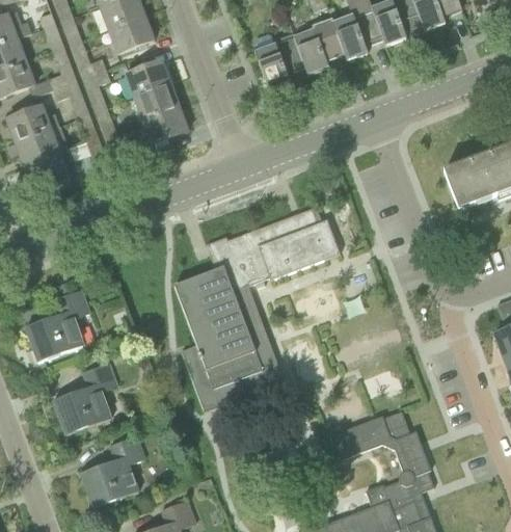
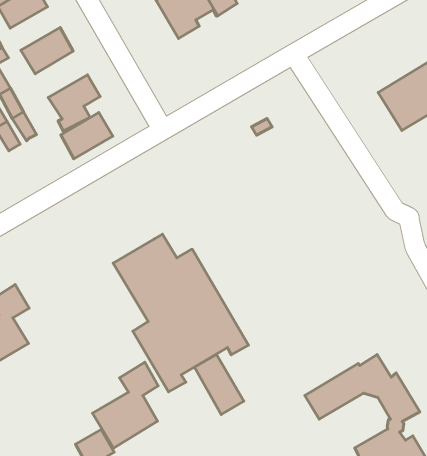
building: [132,84,180,123] -> [61,112,113,159]
building: [206,206,340,290] -> none
building: [52,362,116,435] -> [93,362,158,448]
building: none -> [194,355,244,415]

